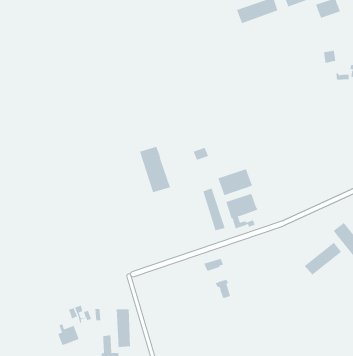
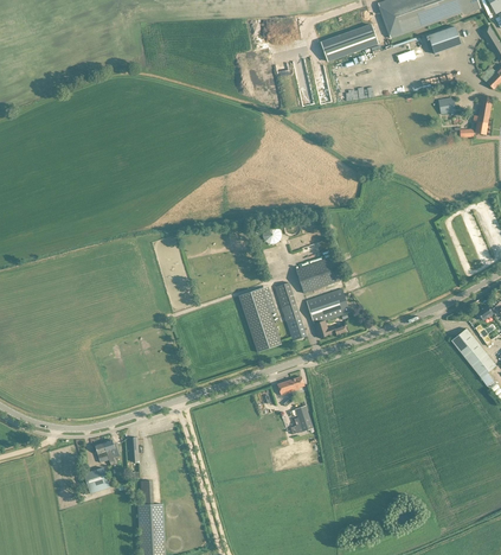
building: [139,146,171,193] -> [238,287,281,350]
building: [304,242,342,276] -> none
building: [116,308,131,348] -> none

